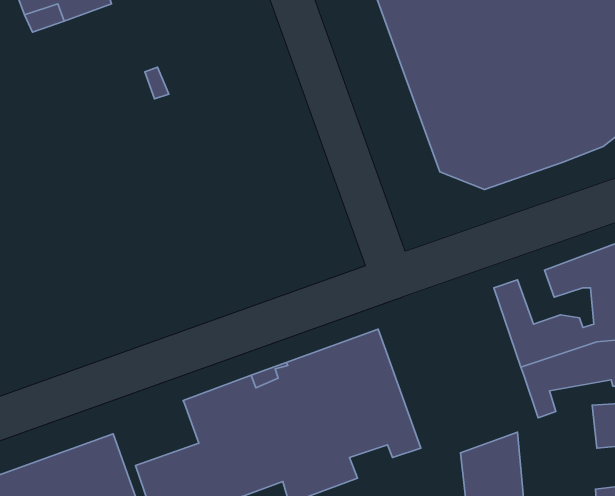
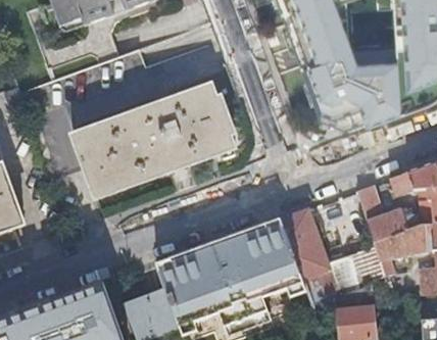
building: none -> [74,84,235,196]
building: none -> [282,206,386,303]

